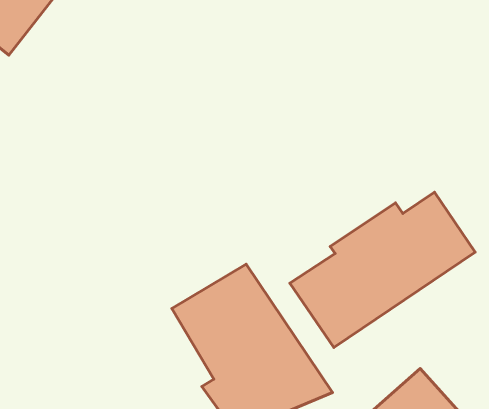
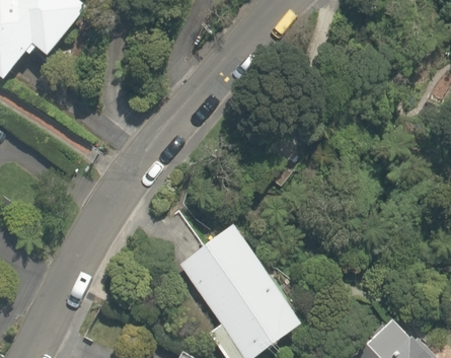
building: [290,192,475,347] -> none

